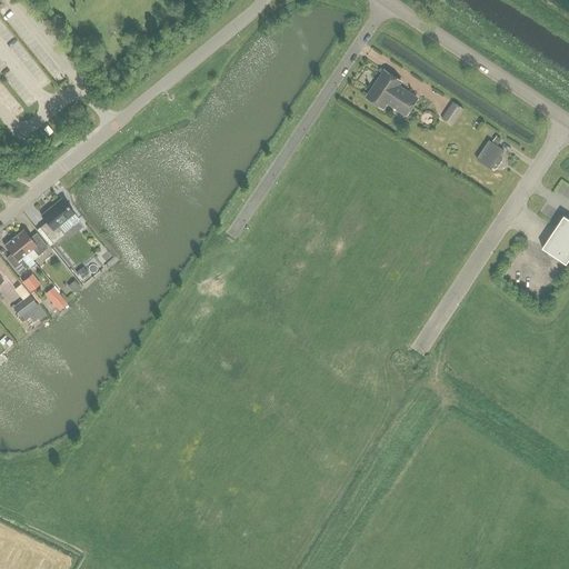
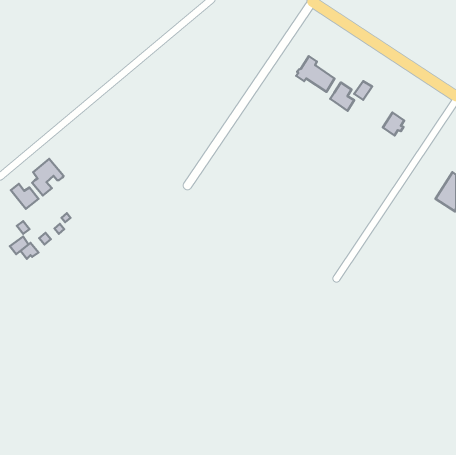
building: none -> [330,82,354,111]
building: [4,237,34,274] -> none

